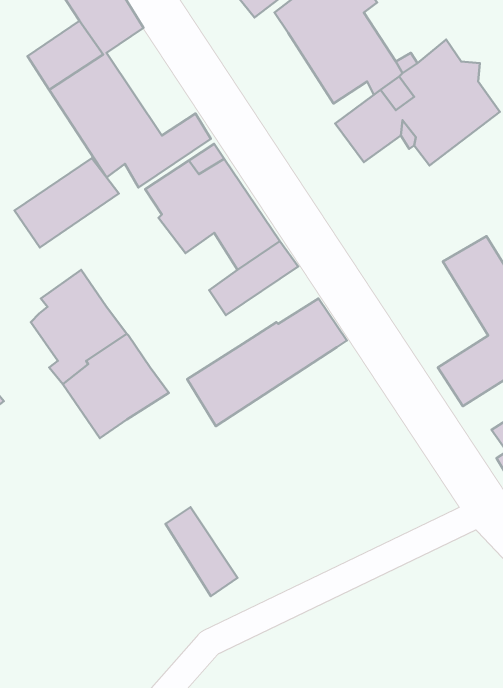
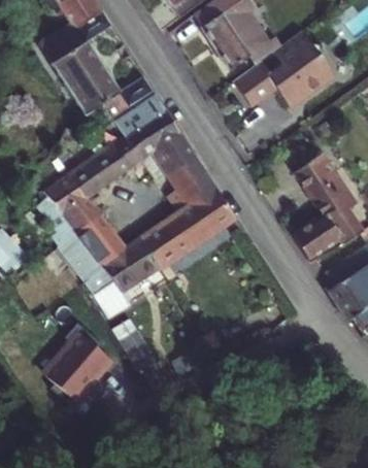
building: [15,158,119,247] -> [74,141,138,196]
building: none -> [163,171,220,219]
building: none -> [85,240,157,315]
building: none -> [39,329,111,401]

